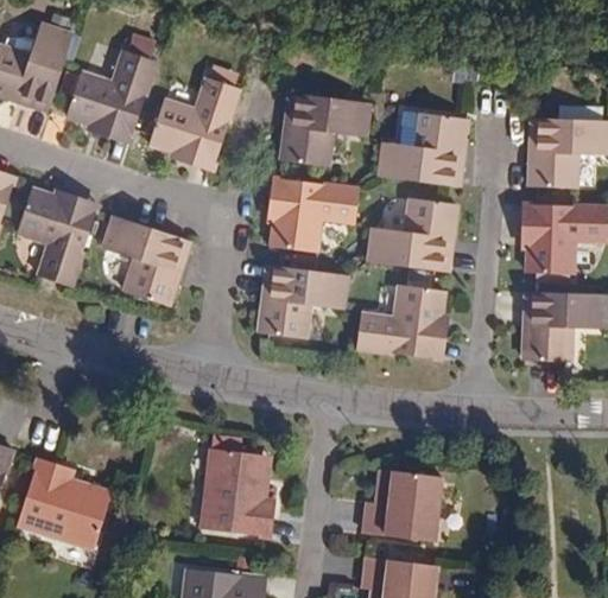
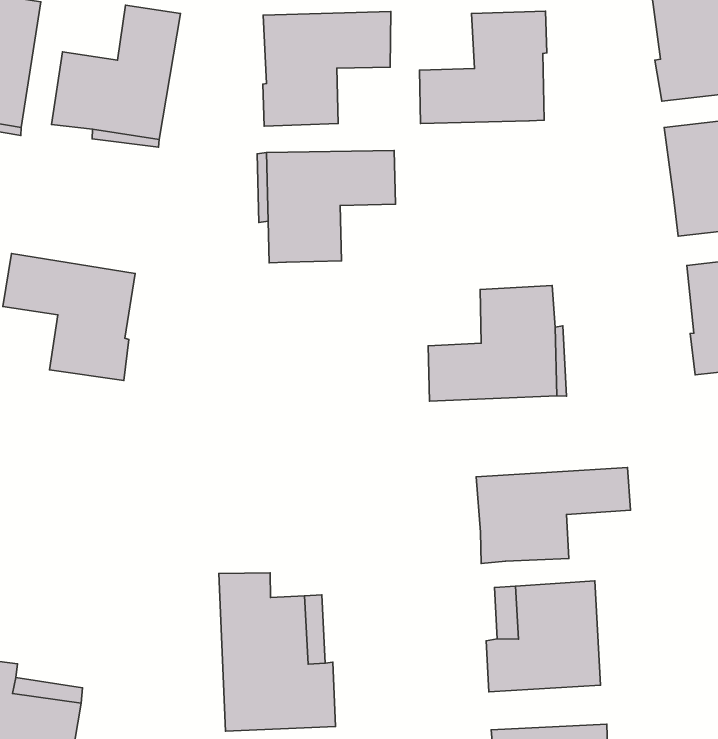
building: [367,198,457,272] -> none
building: [259,265,348,338] -> none
building: none -> [476,468,630,564]

